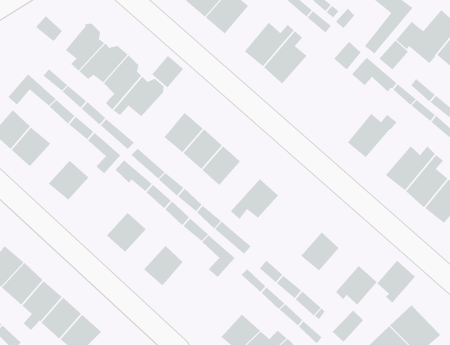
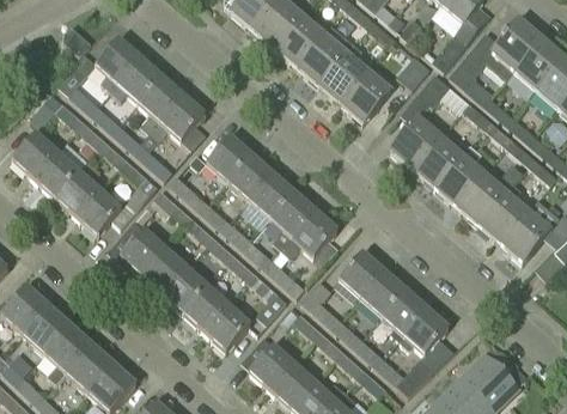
building: none -> [275,16,324,67]
building: [151,55,184,88] -> none
building: none -> [340,72,390,123]
building: none -> [390,118,440,170]
building: none -> [434,156,484,207]
building: none -> [55,171,108,217]
building: none -> [269,191,315,248]
building: none -> [118,221,165,275]
building: none -> [339,251,384,298]
building: none -> [163,268,208,313]
building: [377,260,416,303] -> [382,290,426,339]
building: none -> [205,305,250,352]
building: none -> [249,345,294,390]

